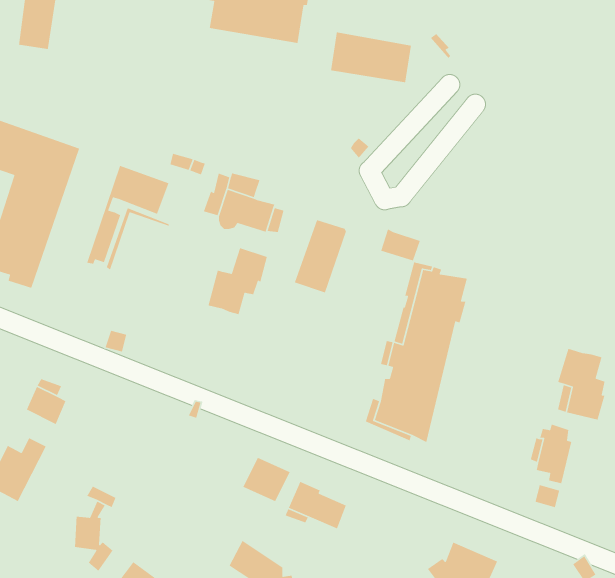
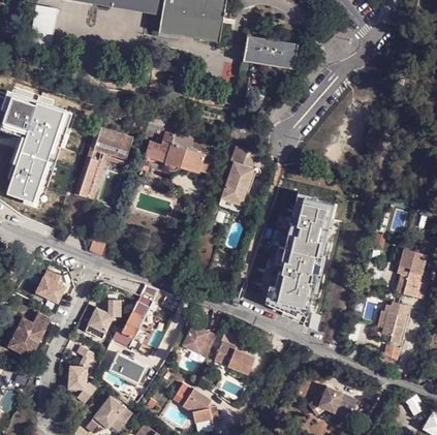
building: [380,228,421,262] -> [229,147,257,169]
building: [207,247,268,315] -> none
building: none -> [111,297,147,346]
building: none -> [84,300,119,339]
building: none -> [107,352,144,383]

